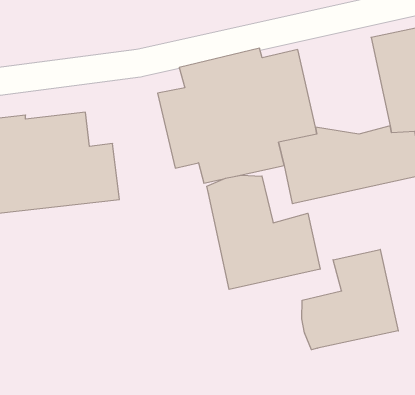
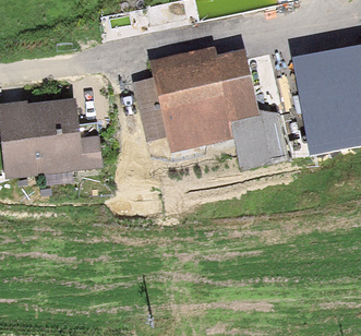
building: [207,175,320,289] -> none
building: [302,249,398,350] -> none

